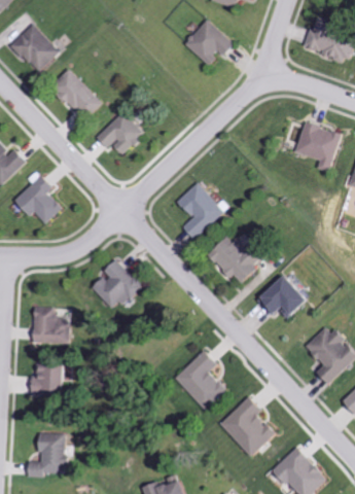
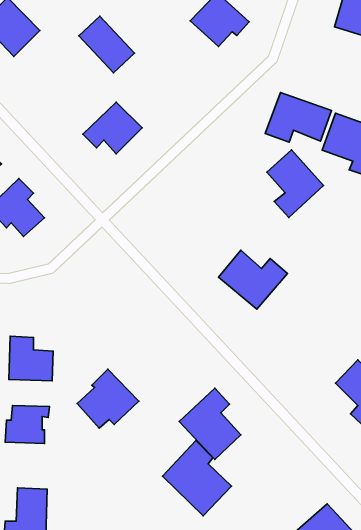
building: [50,68,97,115] -> [79,16,134,73]
building: none -> [265,93,331,142]
building: [175,182,222,239] -> [267,150,323,218]
building: [91,259,142,309] -> [77,369,139,428]
building: [255,274,310,318] -> none
building: [220,395,278,458] -> [162,440,231,516]

